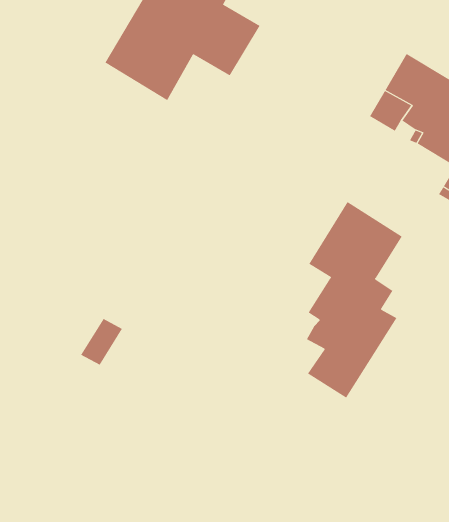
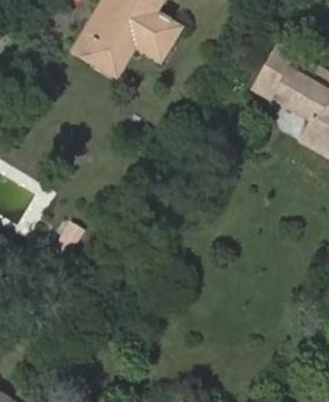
building: [306,201,403,399] -> none

